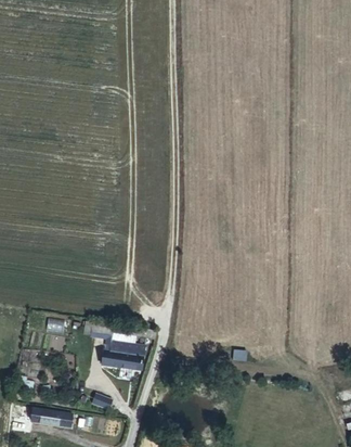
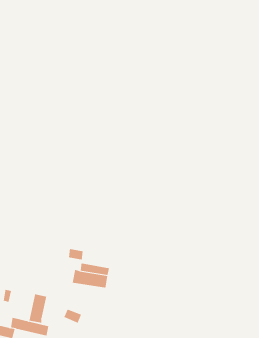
building: none -> [29,294,47,324]

